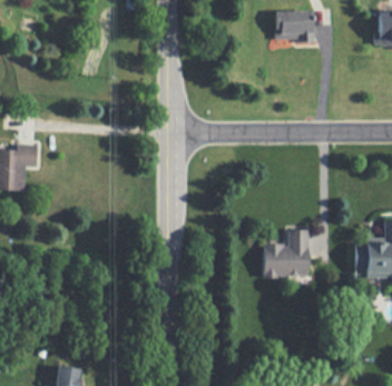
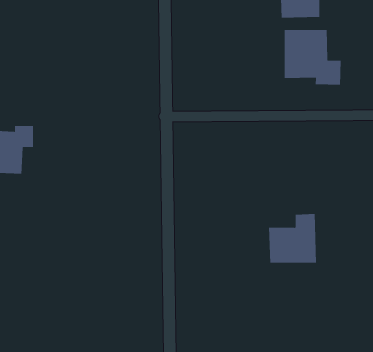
building: none -> [284,29,341,86]

